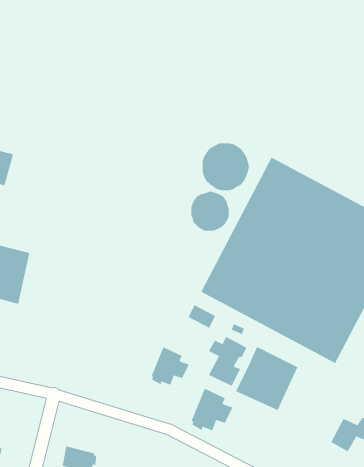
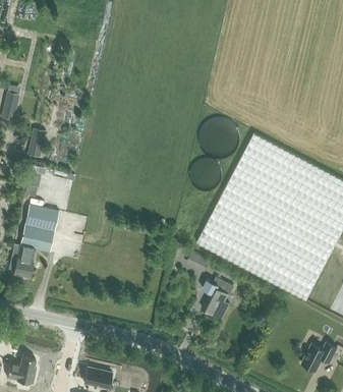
building: [235,346,298,411] -> none
building: [150,346,189,386] -> none
building: [191,388,233,431] -> none

